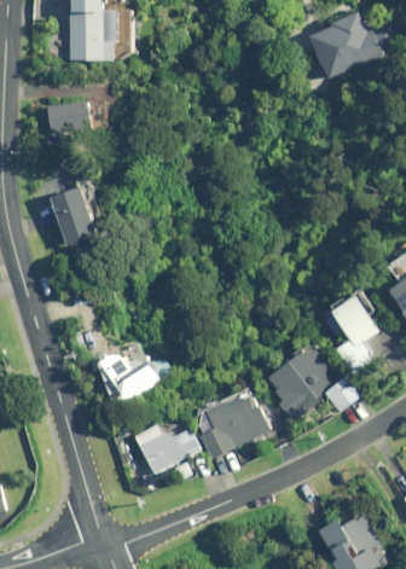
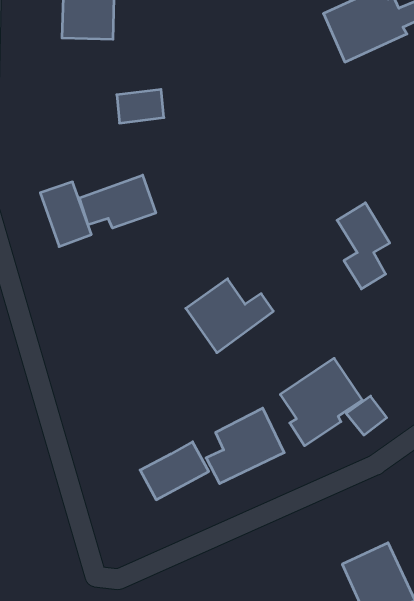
building: [48,101,91,132] -> [117,89,164,123]
building: none -> [79,175,156,228]
building: [331,295,378,372] -> [337,203,390,289]
building: [93,341,172,407] -> [186,279,273,353]

